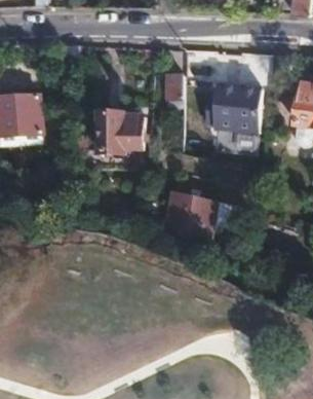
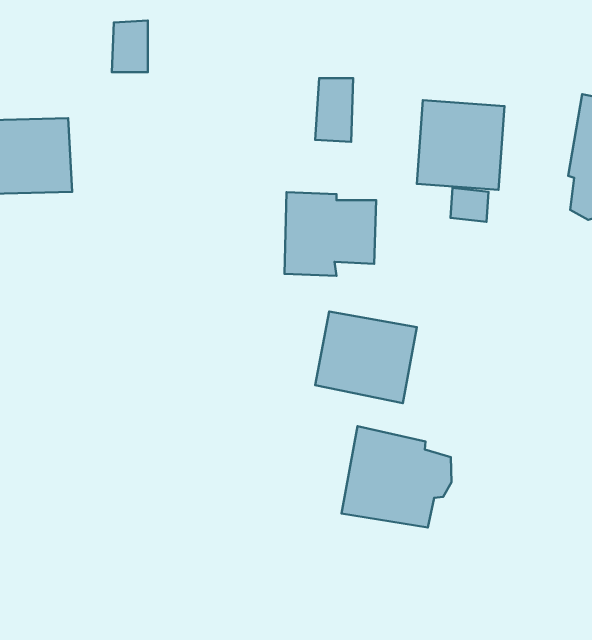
building: [96,111,144,154] -> [285,192,376,276]
building: none -> [341,426,452,527]

